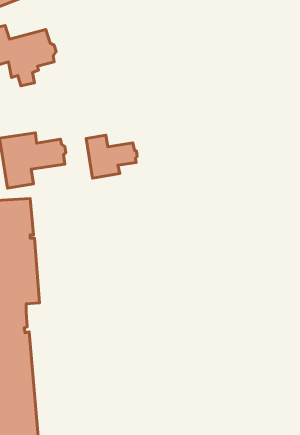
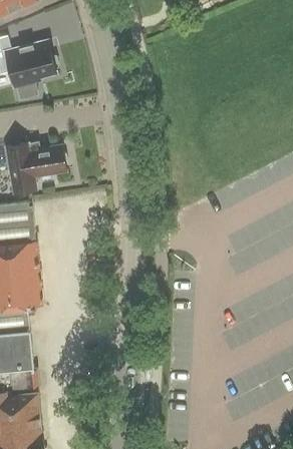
building: [86,135,137,178] -> none

